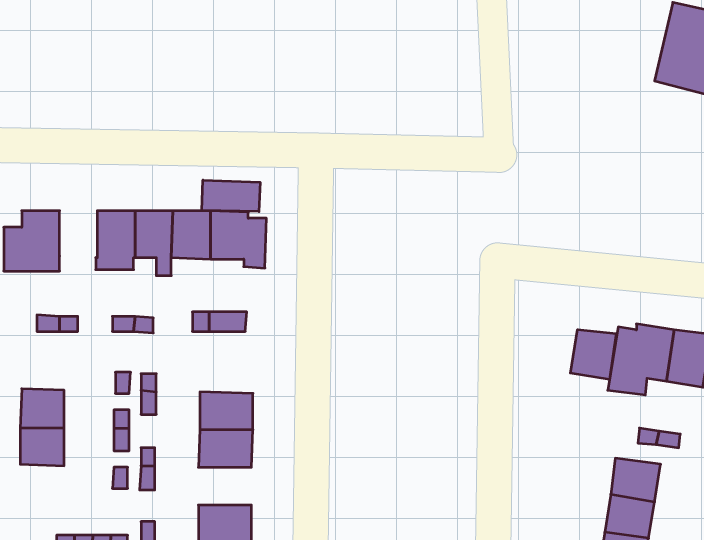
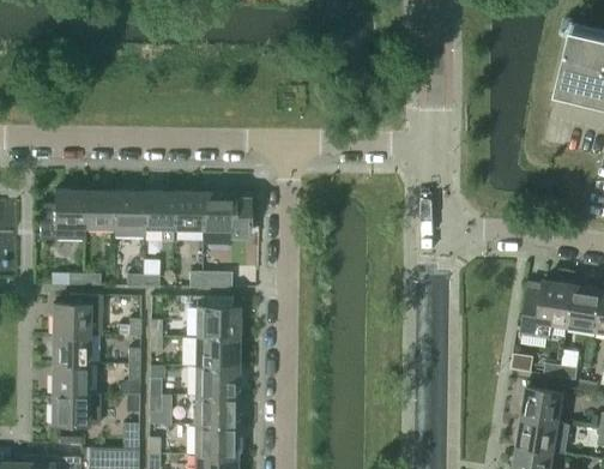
building: [202,180,260,212] -> none
building: none -> [85,192,115,229]
building: [570,330,616,379] -> none
building: none -> [55,295,103,335]
building: none -> [197,306,240,337]
building: none -> [54,393,99,425]
building: none -> [193,396,237,426]

